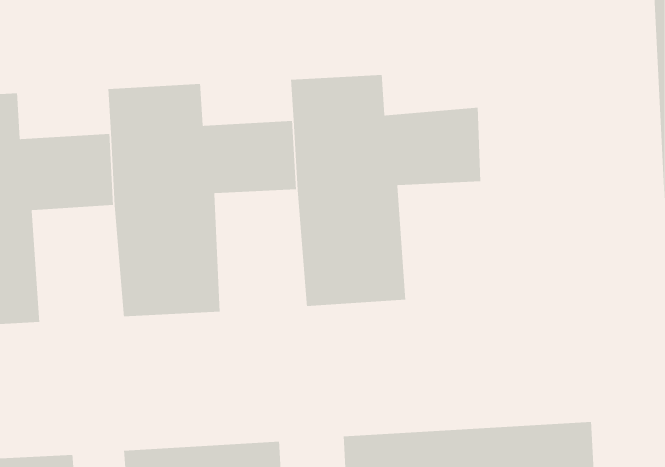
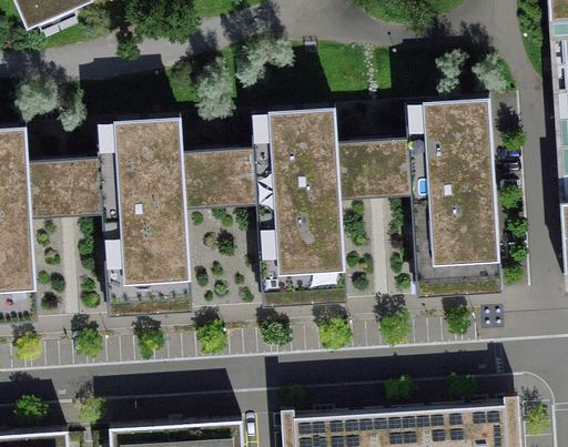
building: none -> [406,91,503,295]

